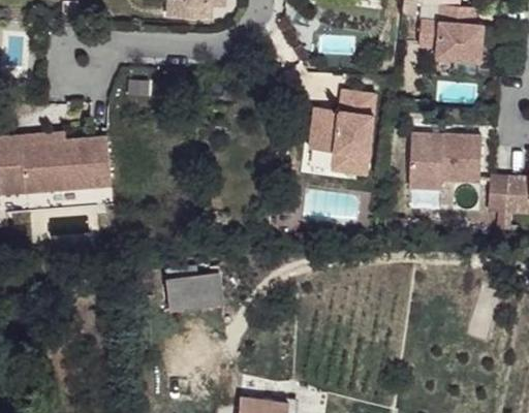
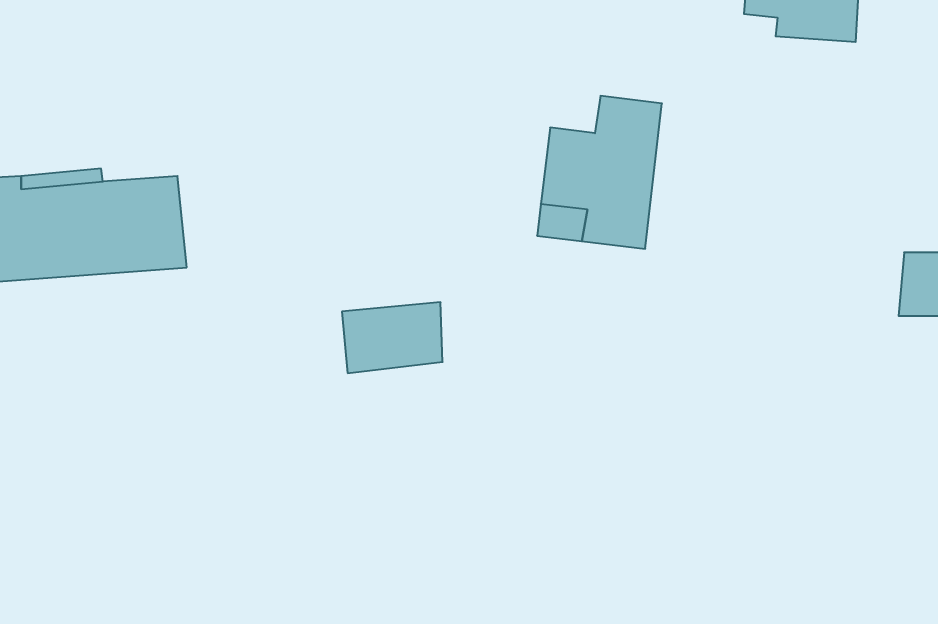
building: [407,133,480,190] -> none
building: [169,272,225,311] -> [342,302,443,373]

